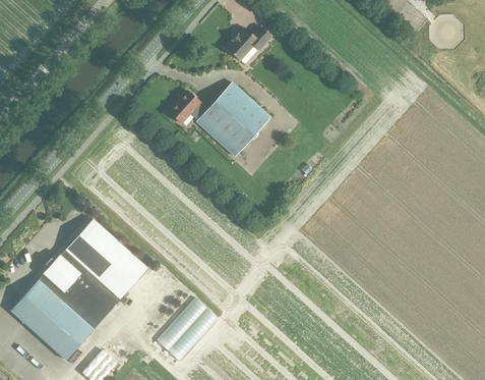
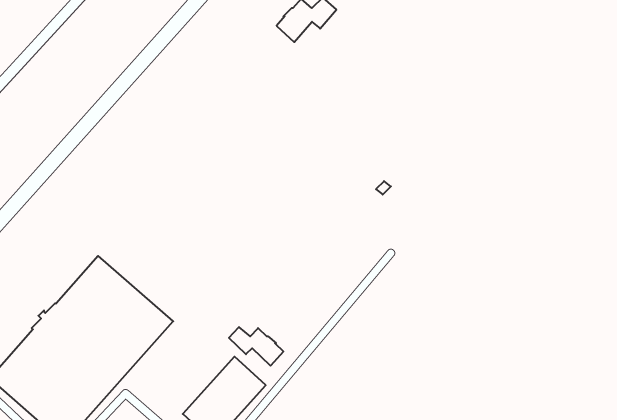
building: [168,82,269,155] -> none
building: none -> [229,327,283,366]

